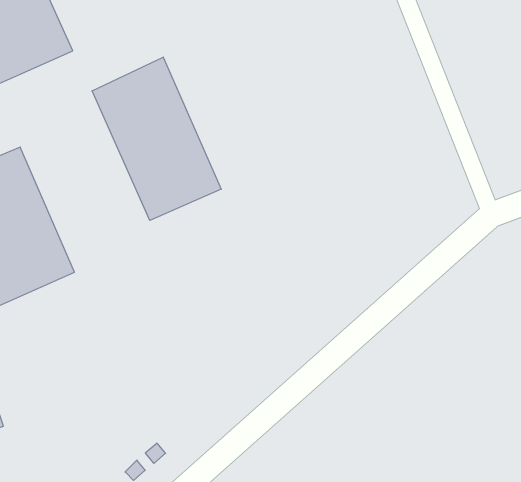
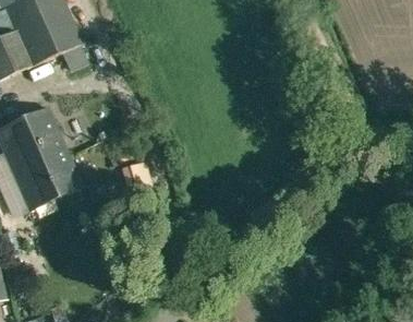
building: [92,57,221,220] -> none

